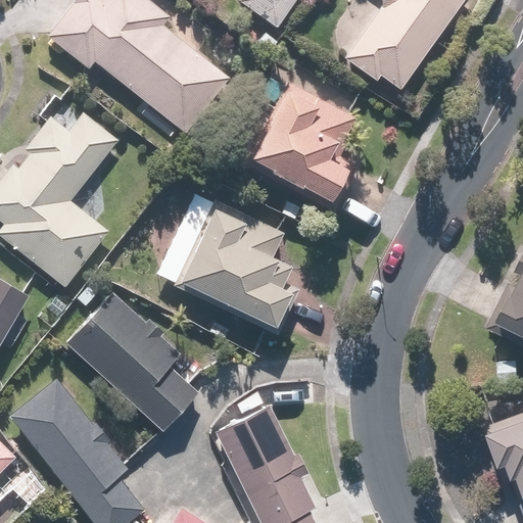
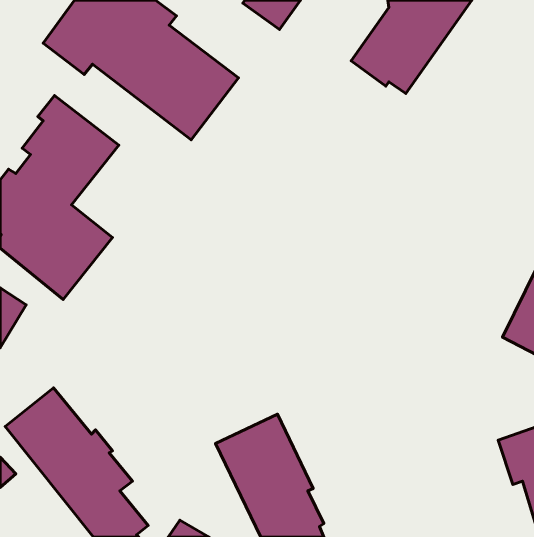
building: [226,72,356,207] -> none
building: [151,191,291,330] -> none
building: [62,291,199,435] -> none

